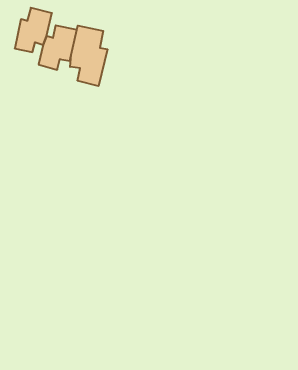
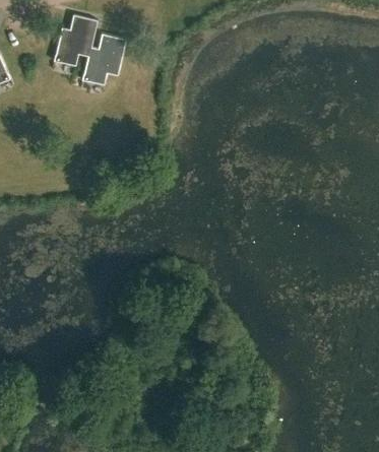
building: [70,26,107,86] -> none

